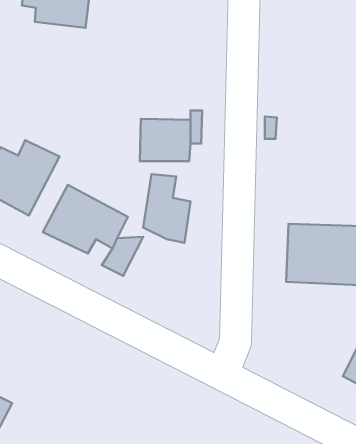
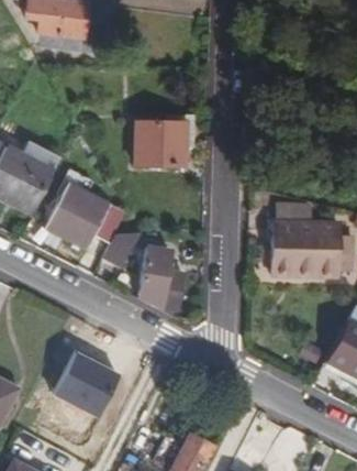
building: [143,174,190,243] -> [140,248,183,311]
building: none -> [55,350,123,416]

